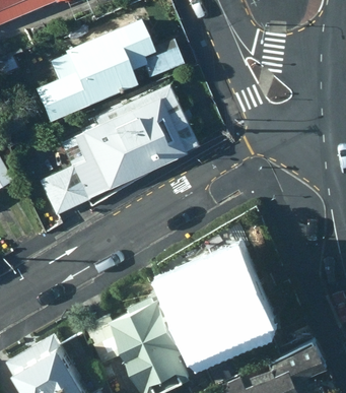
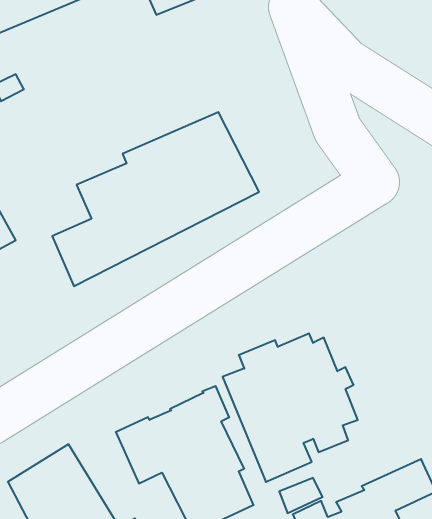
building: [34,19,183,122] -> none

